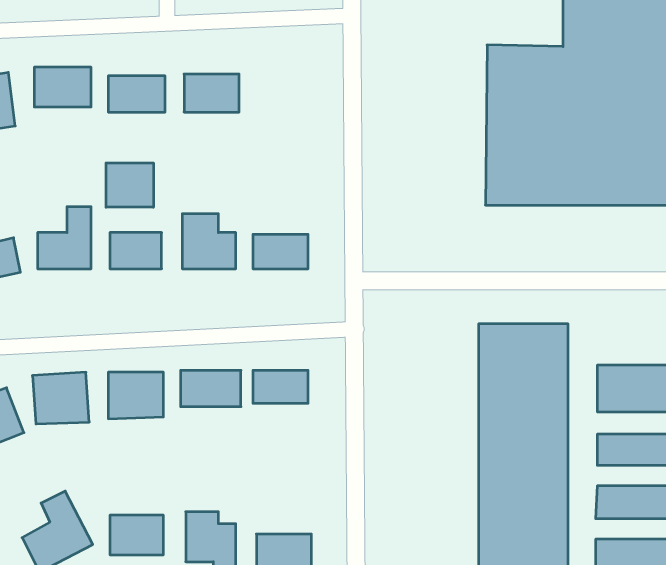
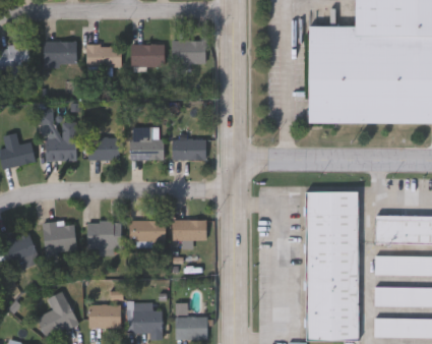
building: none -> [171,41,204,64]
building: [106,163,153,207] -> none

